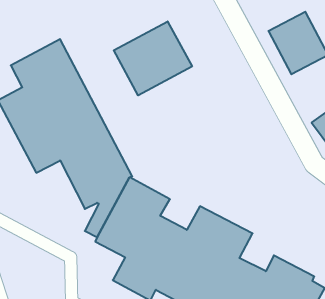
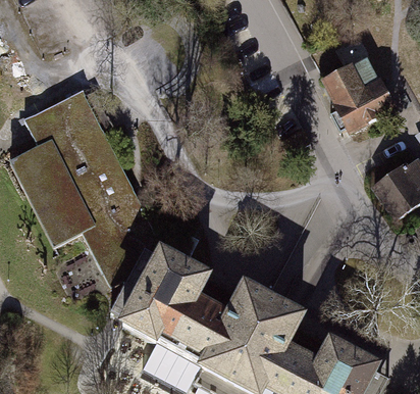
building: [114,21,192,95] -> none

